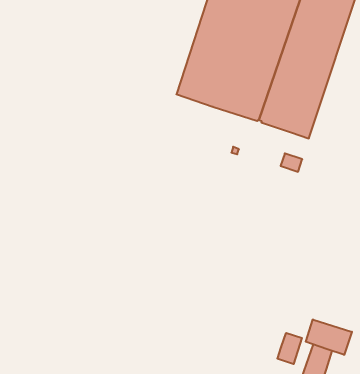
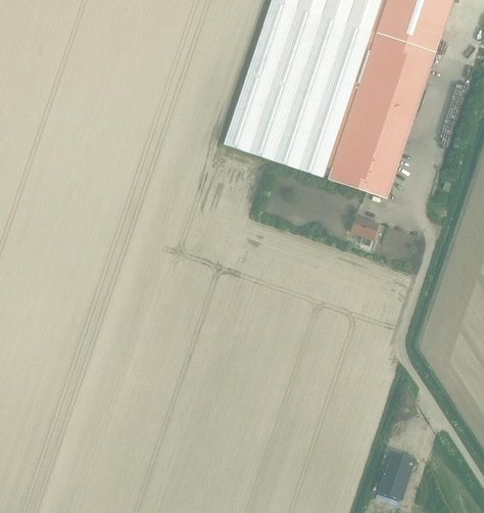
building: [306,319,352,355] -> none
building: [277,333,302,364] -> none

